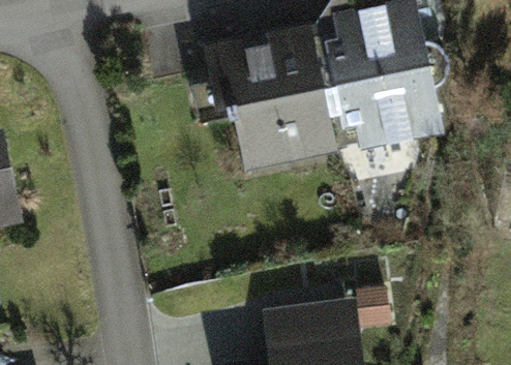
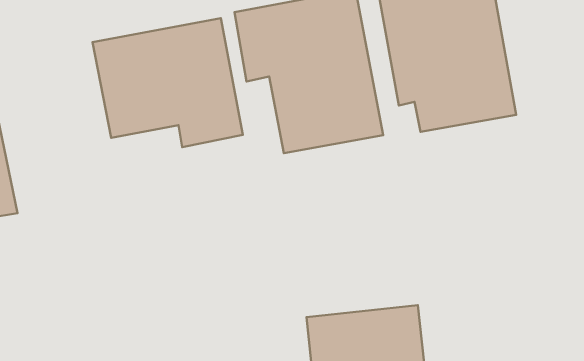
building: none -> [93,18,243,147]

